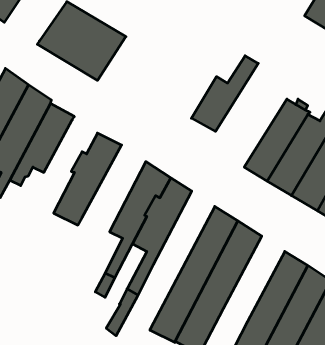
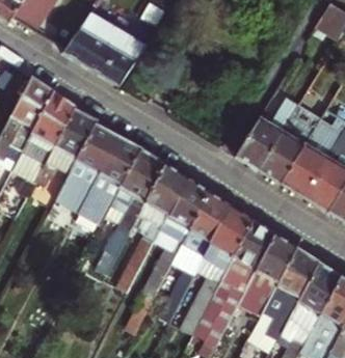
building: [191,56,258,131] -> [236,97,299,168]
building: none -> [56,123,120,212]
building: none -> [96,147,165,274]
building: none -> [160,191,231,322]
building: none -> [239,233,297,314]

